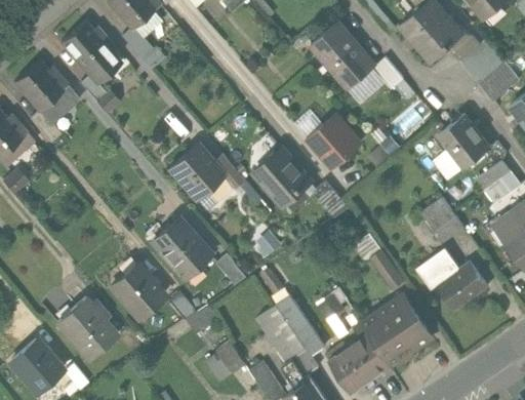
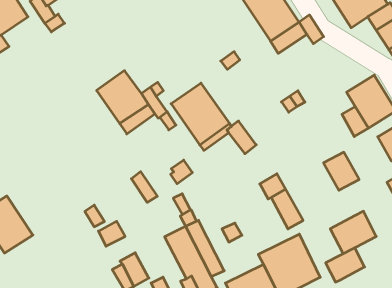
building: [307,115,361,169] -> none
building: [152,217,209,277] -> none
building: [420,249,463,289] -> [326,248,365,282]
building: [107,261,163,318] -> none

